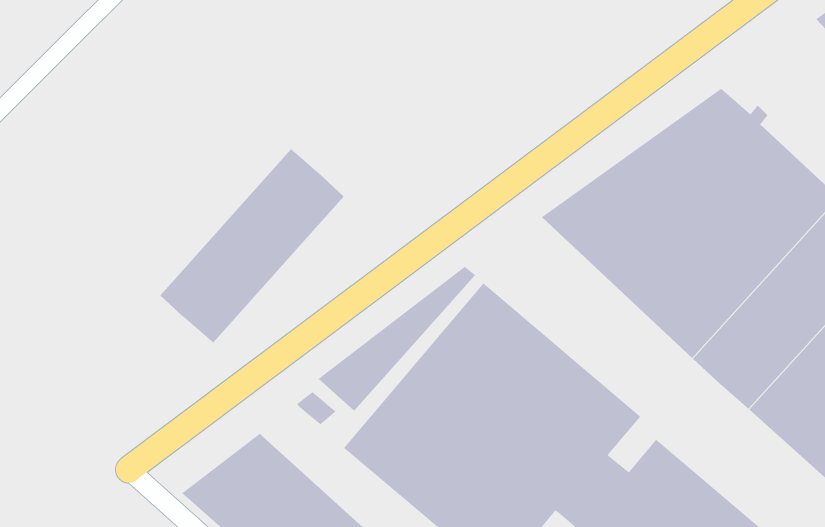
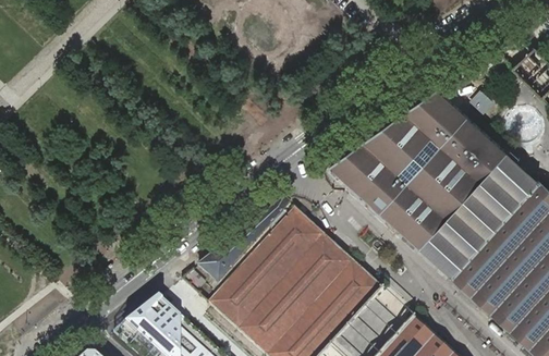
building: [160,148,345,344] -> none

